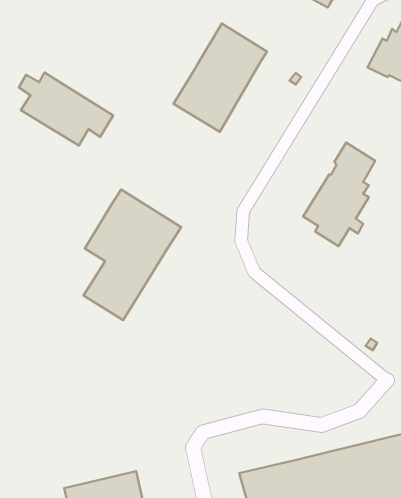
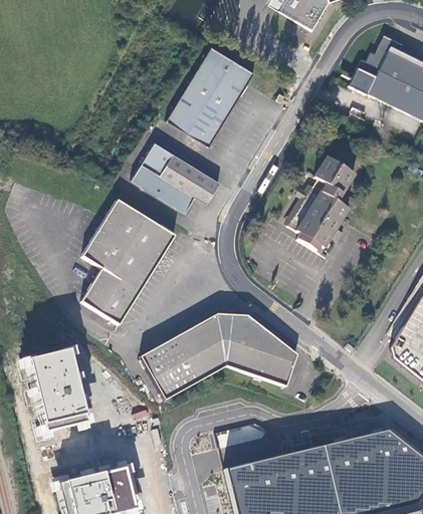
building: [19,73,113,145] -> [130,141,218,209]
building: none -> [142,313,296,399]
building: none -> [28,348,87,427]

